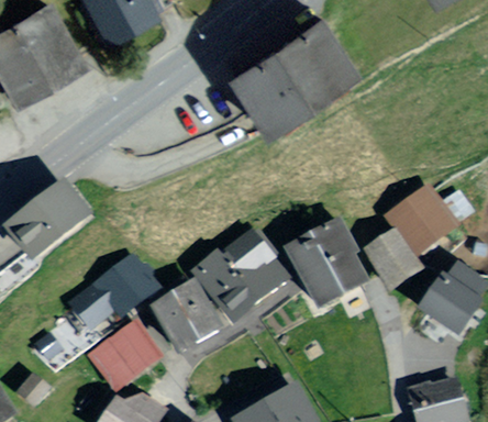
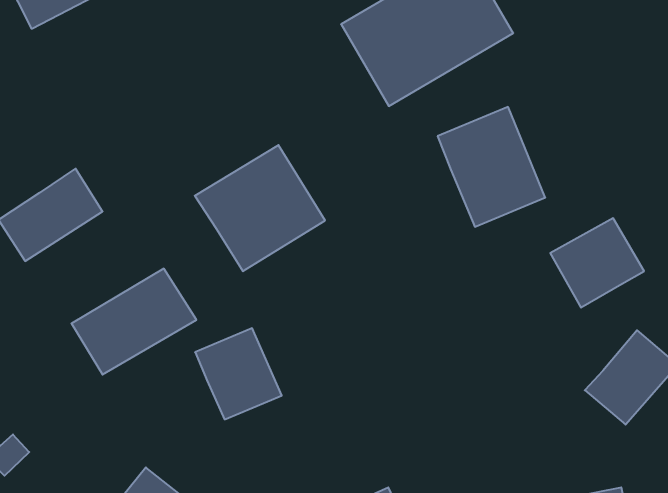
building: [285,223,362,307] -> [438,107,545,227]
building: [370,232,415,286] -> none
building: [196,234,286,322] -> [195,145,325,271]
building: [93,324,157,387] -> none

